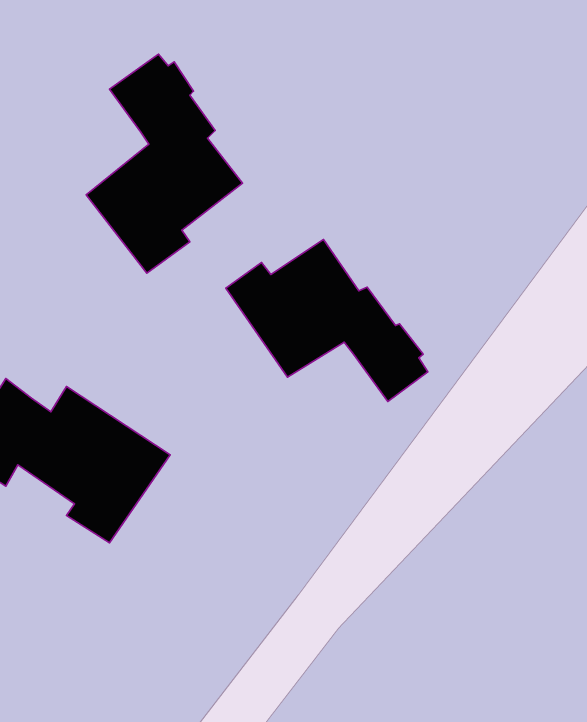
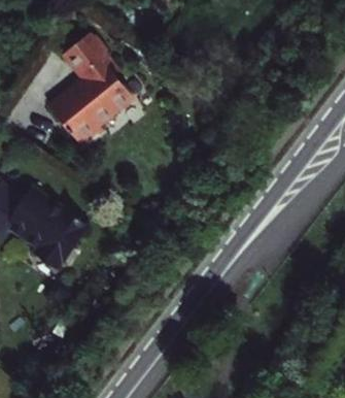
building: [226,239,428,401] -> none

